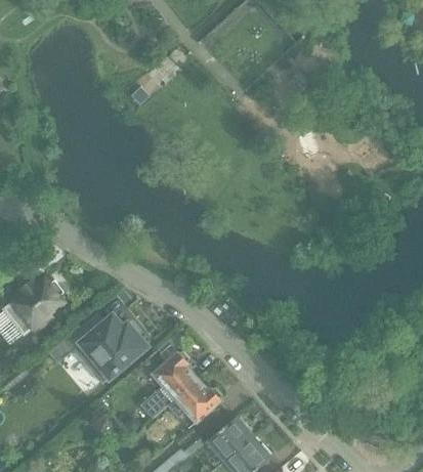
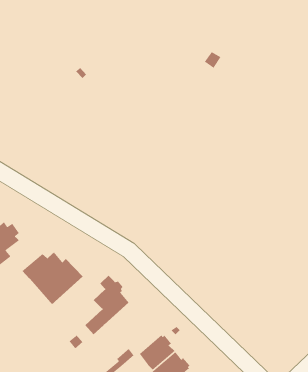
building: [167,378,223,423] -> none

